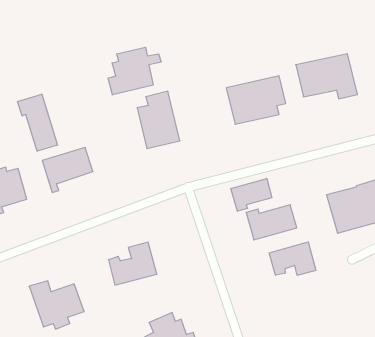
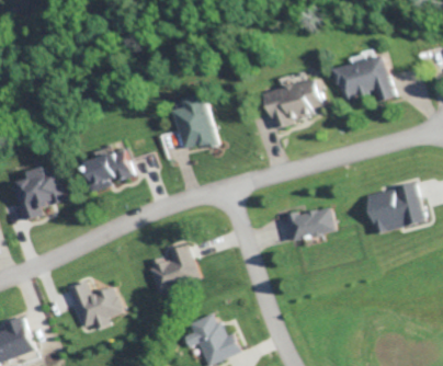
building: [108,47,161,95] -> none
building: [18,94,58,151] -> none
building: [231,178,272,211] -> none
building: [269,242,316,275] -> none

